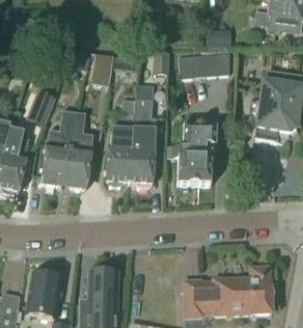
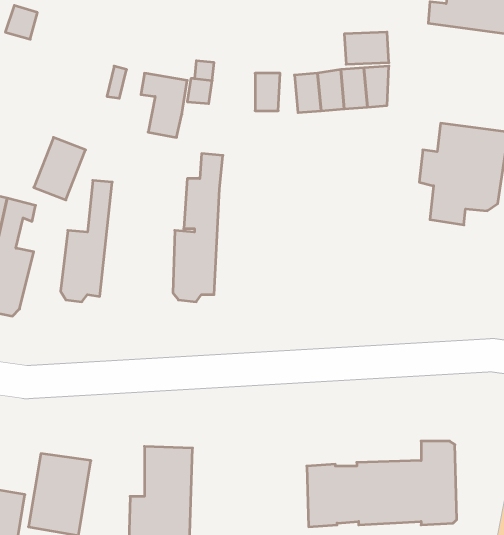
building: [130,83,155,187] -> none
building: [63,111,90,189] -> none
building: [171,119,217,184] -> none

